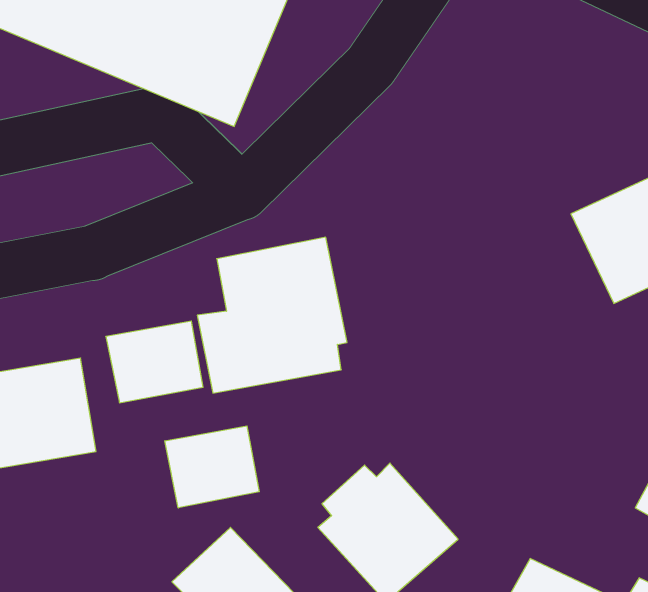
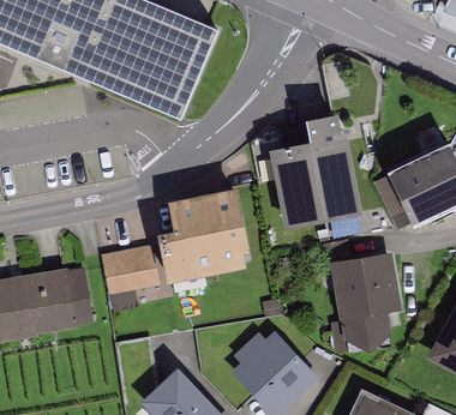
building: none -> [269,118,362,231]
building: none -> [329,251,400,353]
building: [165,426,259,508] -> none

